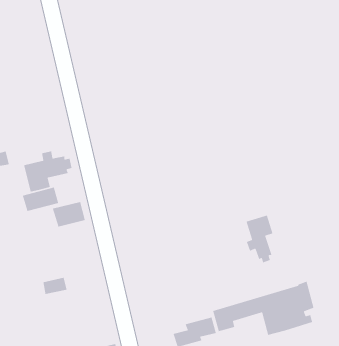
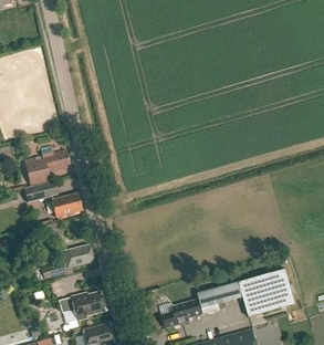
building: [246,215,274,263] -> none
building: none -> [63,243,94,268]
building: none -> [59,291,106,320]

